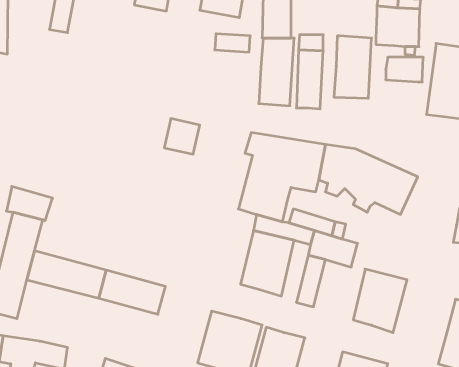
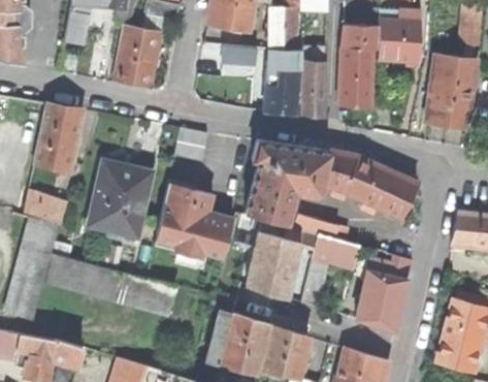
building: none -> [113,26,160,89]
building: [386,57,423,82] -> [343,26,379,50]
building: none -> [35,104,82,172]
building: none -> [88,160,152,241]
building: none -> [157,183,233,254]
building: none -> [367,254,414,282]

